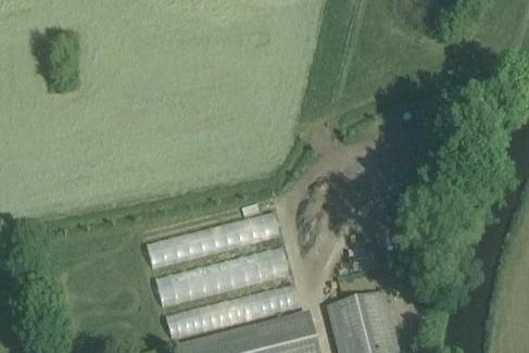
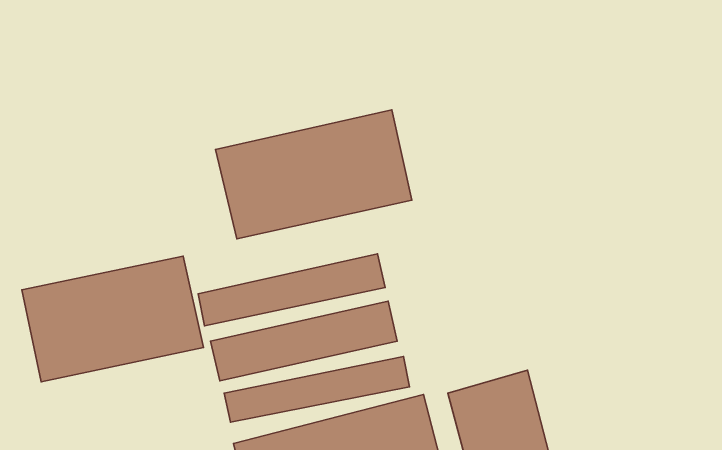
building: none -> [216,110,412,239]
building: none -> [22,256,204,382]

